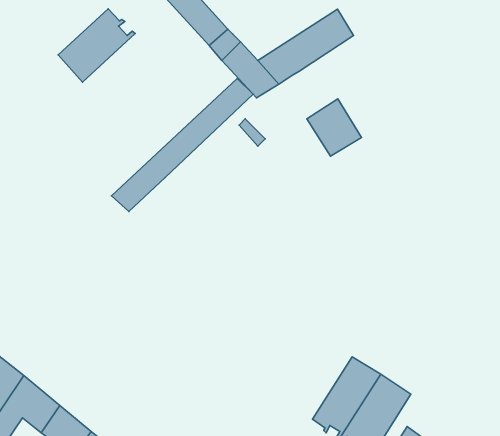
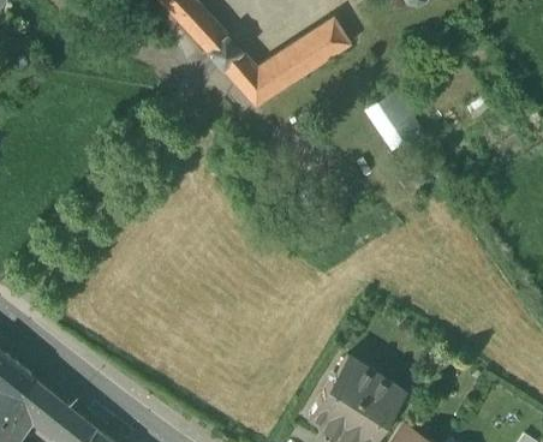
building: [58,9,135,82] -> none
building: [112,78,253,212] -> none
building: [307,99,361,156] -> [366,91,419,147]

